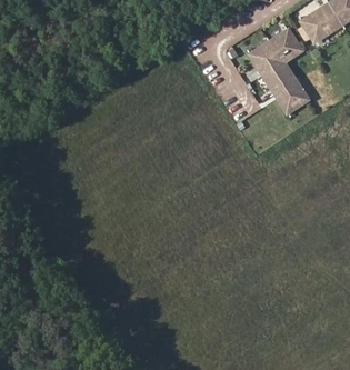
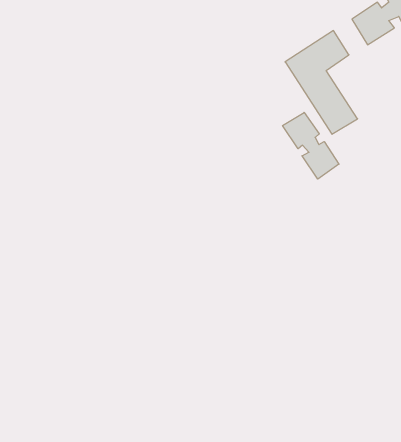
building: none -> [283,112,339,179]

